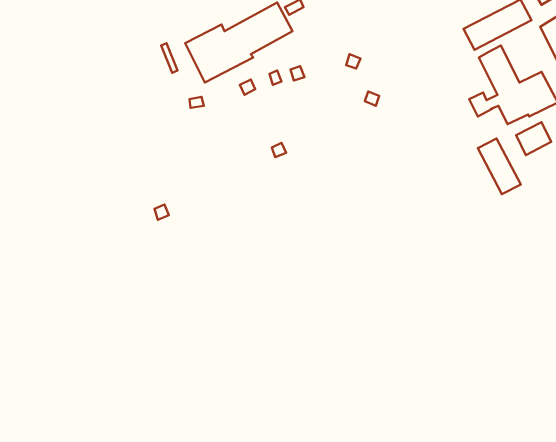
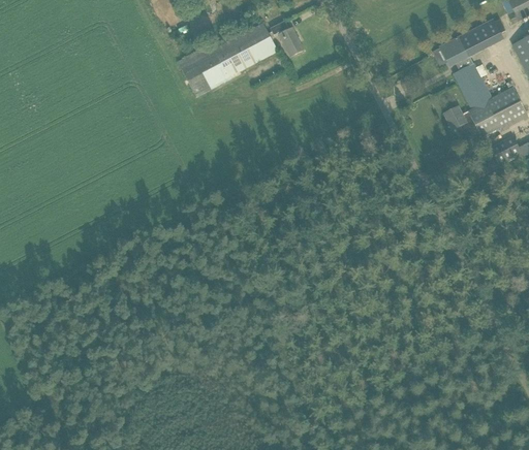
building: none -> [279,27,304,56]
building: [478,138,521,194] -> none

